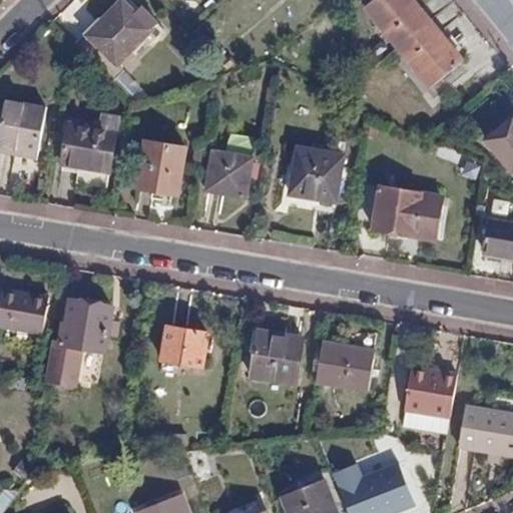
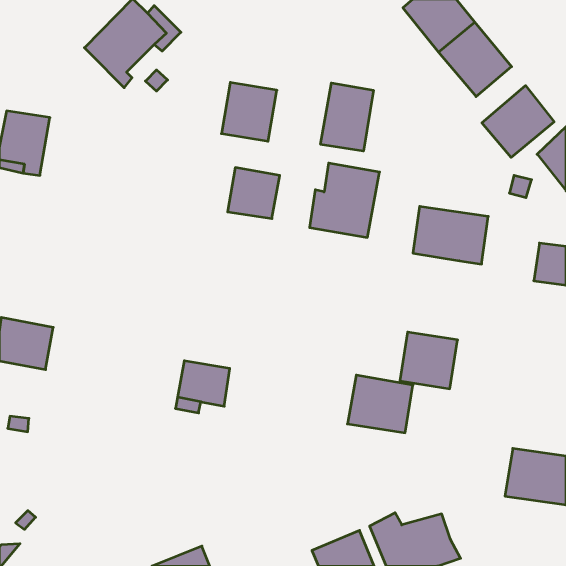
building: none -> [321,83,373,151]
building: none -> [482,86,554,157]
building: [62,123,114,171] -> none
building: [136,141,186,194] -> [221,82,277,141]
building: [45,300,112,387] -> none
building: [250,329,303,383] -> none
building: [404,366,456,417] -> [400,332,458,389]

